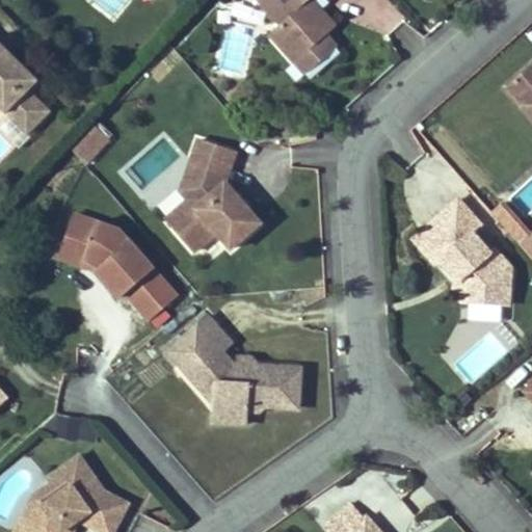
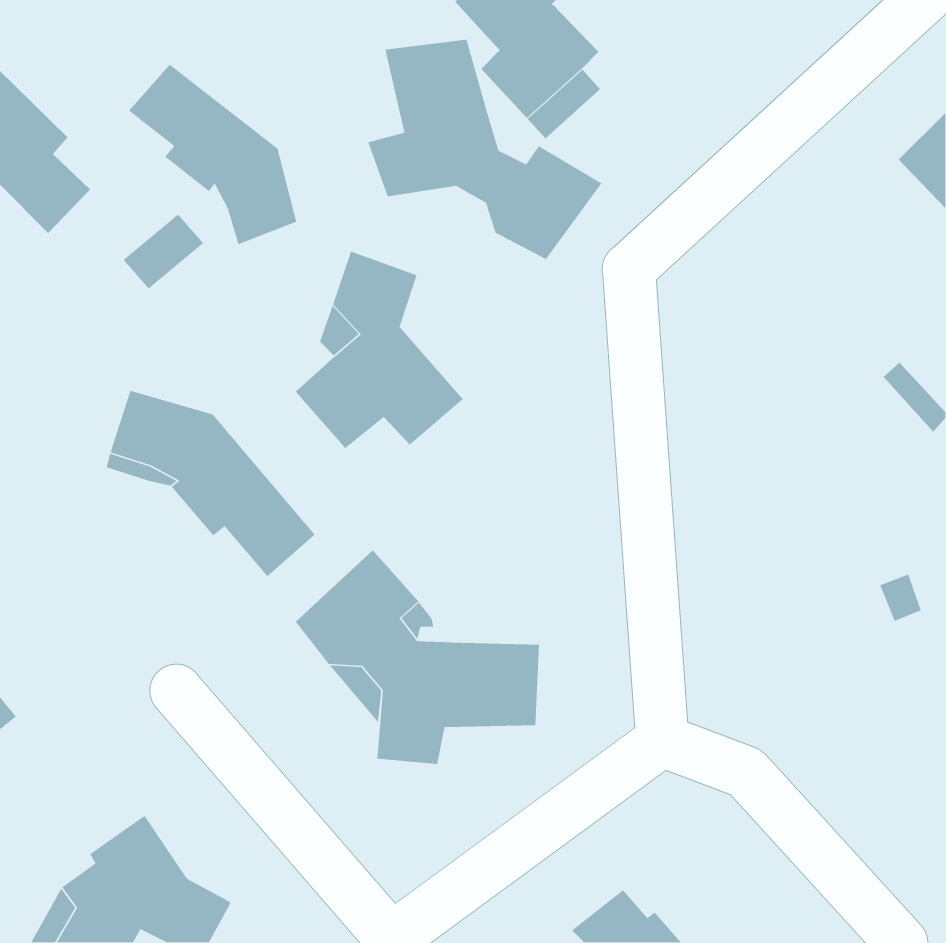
building: none -> [367,39,602,260]
building: none -> [128,64,297,245]
building: [417,197,514,302] -> none

